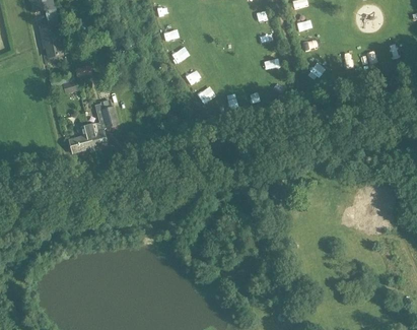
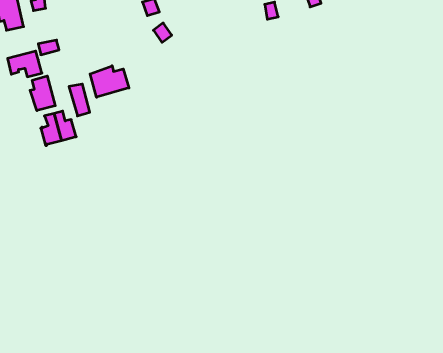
building: none -> [90,66,129,97]
building: none -> [30,76,55,111]

